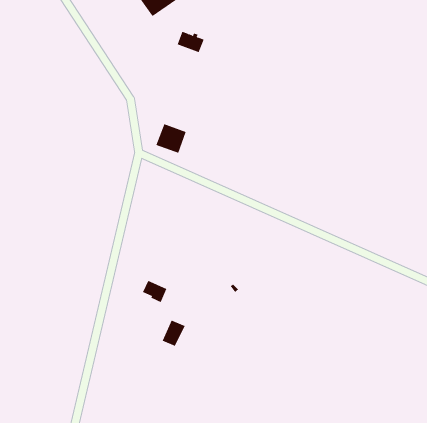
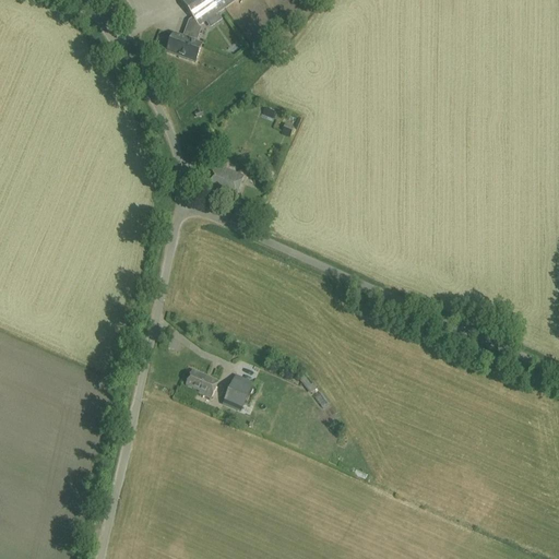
building: [177,31,204,53] -> [167,31,203,59]
building: [162,320,185,347] -> [223,374,253,409]

